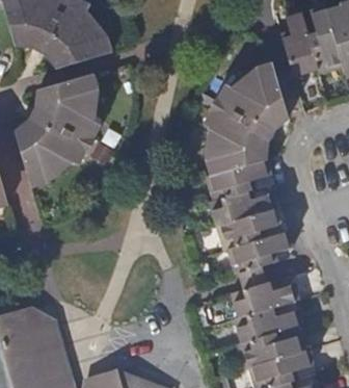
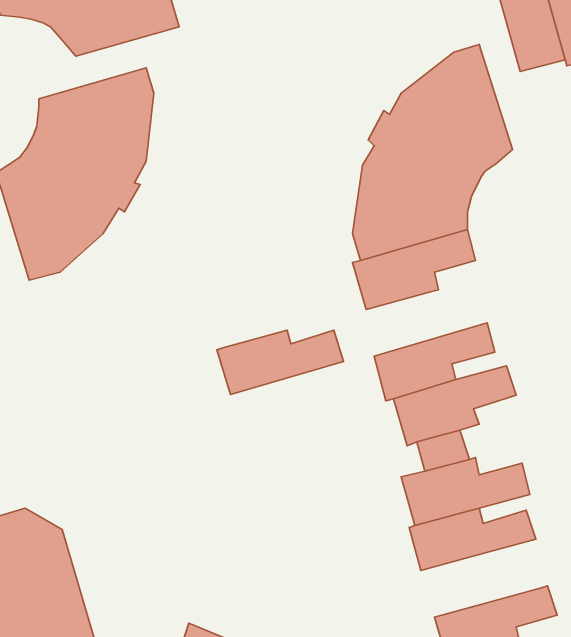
building: [210,192,277,227] -> [217,330,344,395]
building: [239,332,306,367] -> none

